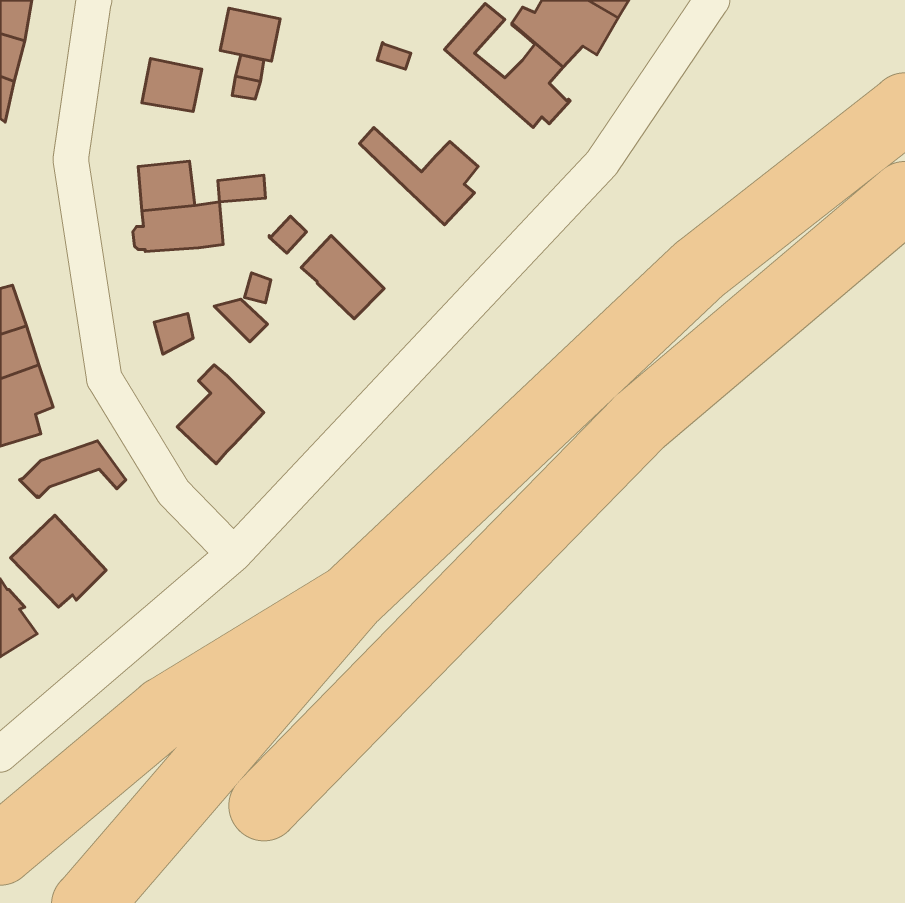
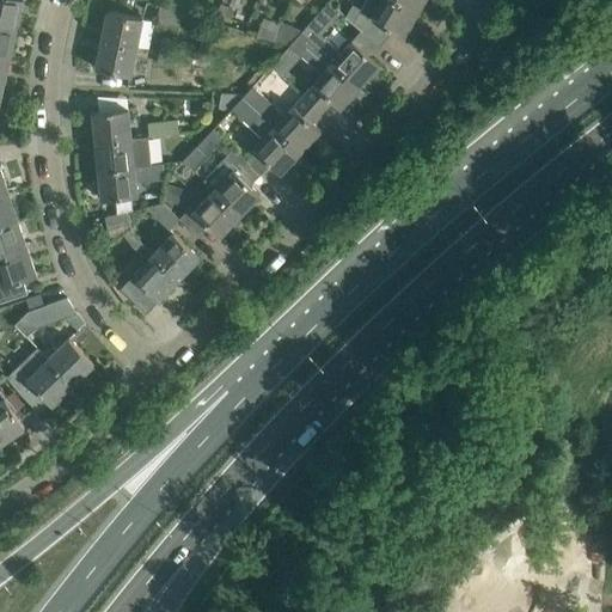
building: [220,8,280,61] -> [102,12,142,48]
building: none -> [289,35,360,114]
building: none -> [231,98,300,177]
building: none -> [98,169,137,201]
building: none -> [192,192,239,238]
building: none -> [153,234,198,280]
building: none -> [37,339,94,386]

